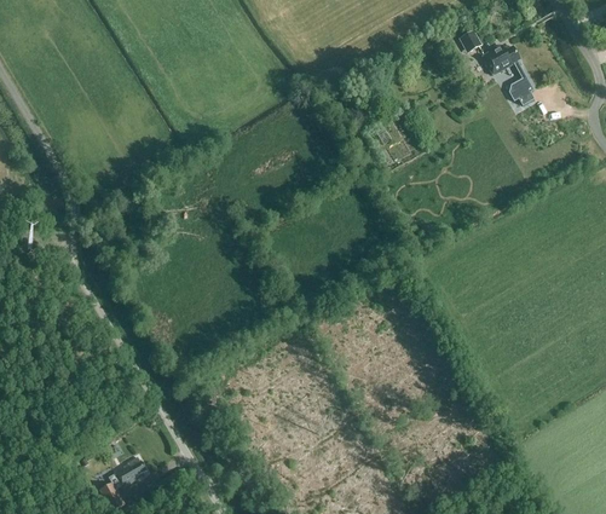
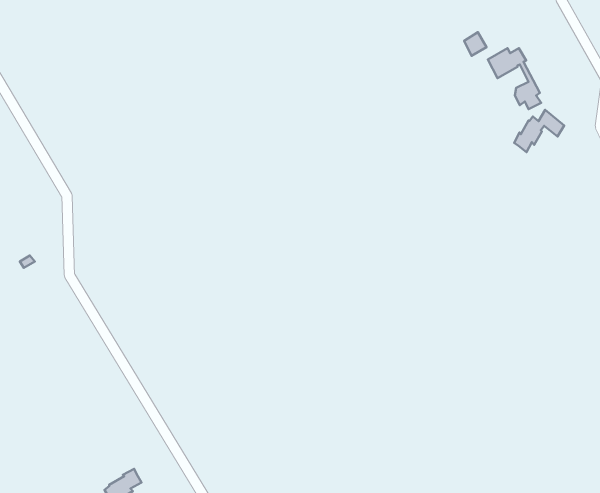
building: none -> [514,110,564,152]

